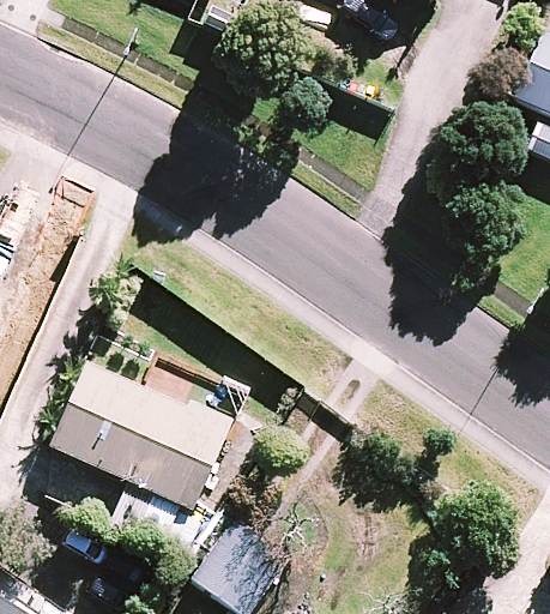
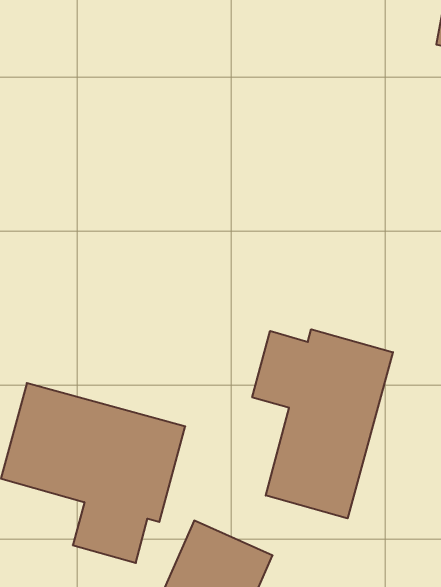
building: none -> [252,329,393,518]

